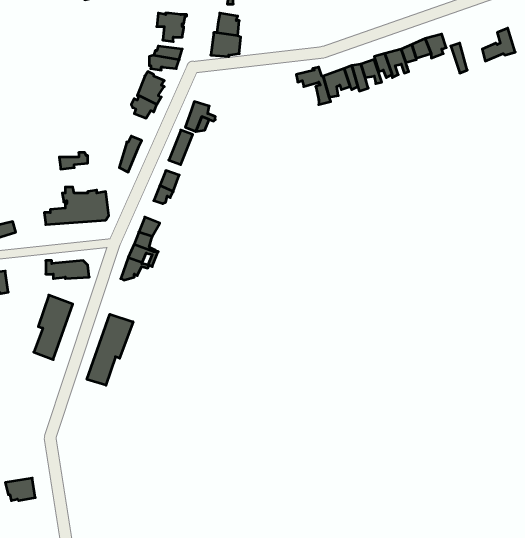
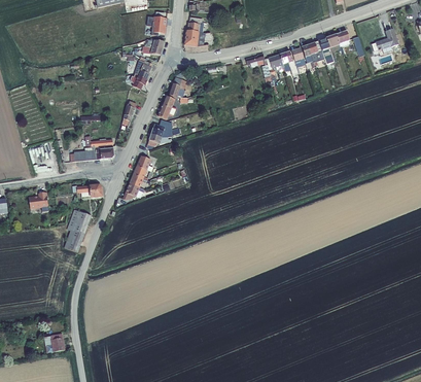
building: [87,314,133,385] -> none

